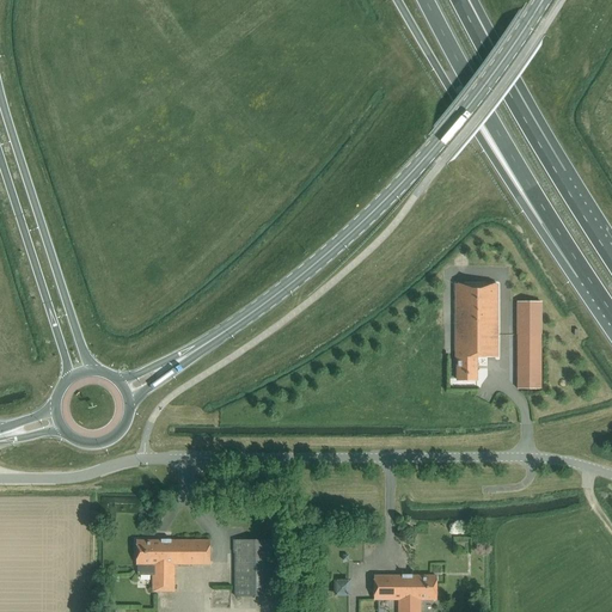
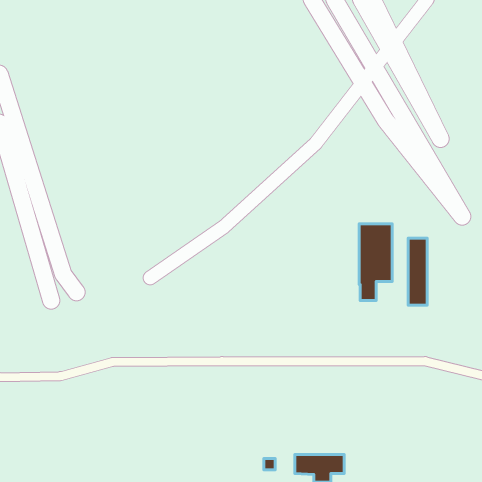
building: [232,539,274,595] -> none
building: [135,540,208,592] -> none

